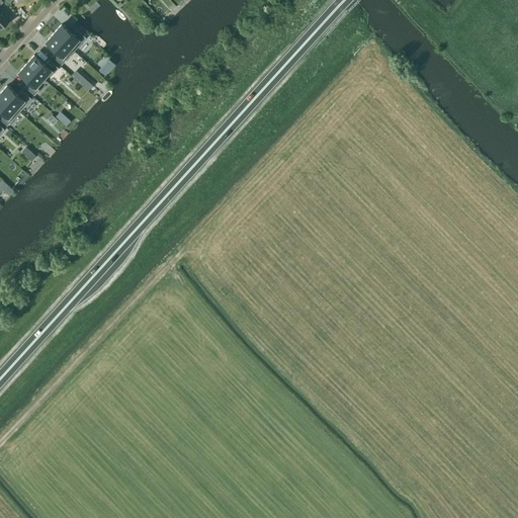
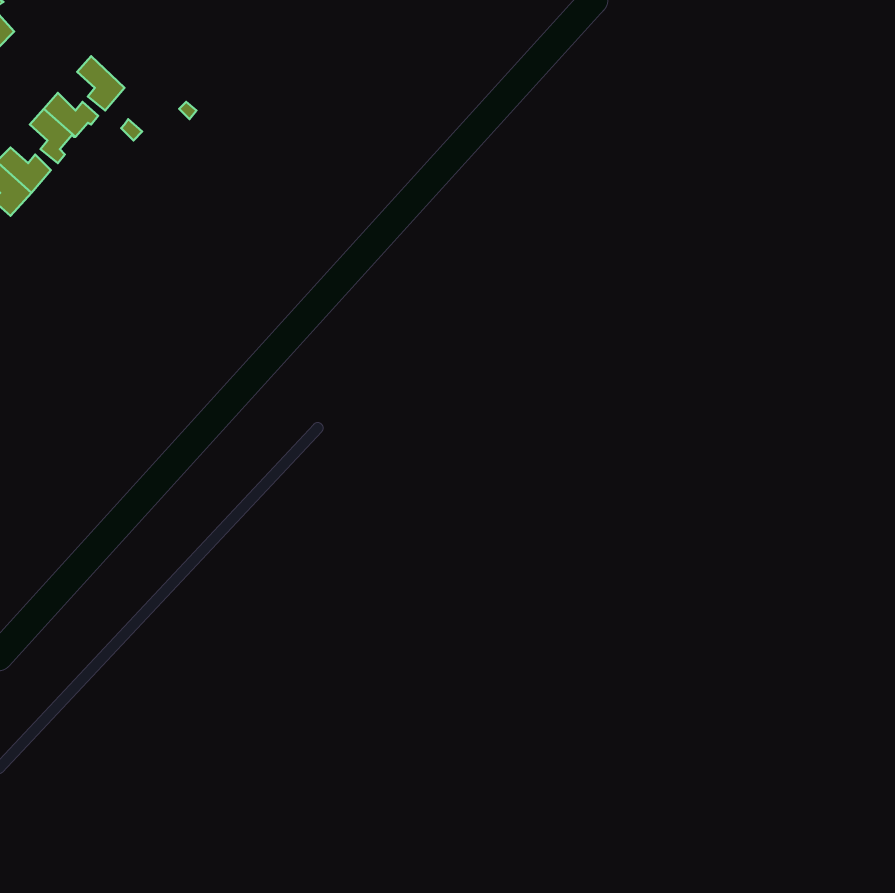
building: [53,25,84,53] -> none

